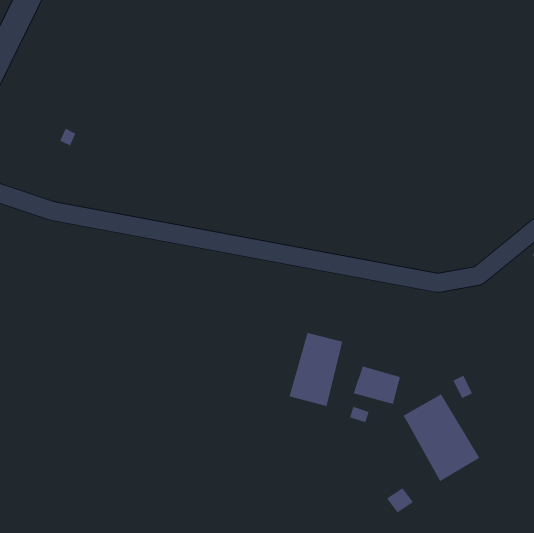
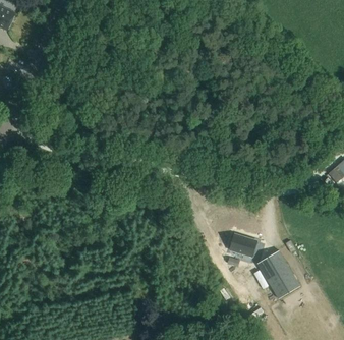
building: [289,332,343,407] -> none

